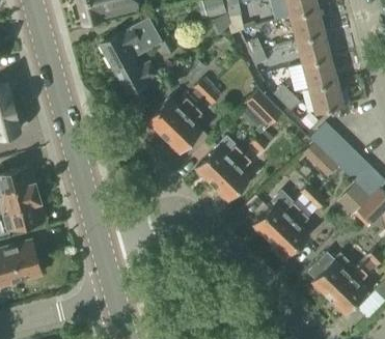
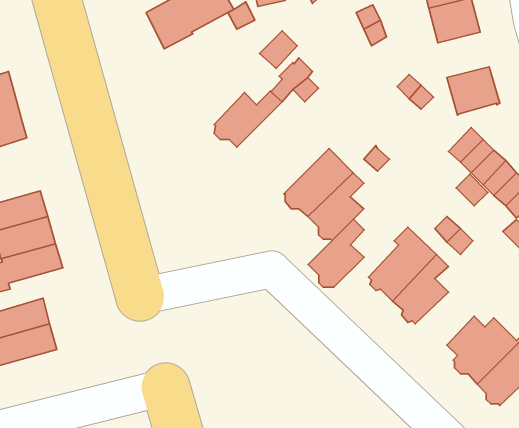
building: [302,57,337,88] -> none
building: [114,58,157,92] -> none
building: [238,89,281,133] -> none
building: [164,105,202,151] -> [308,219,364,287]

